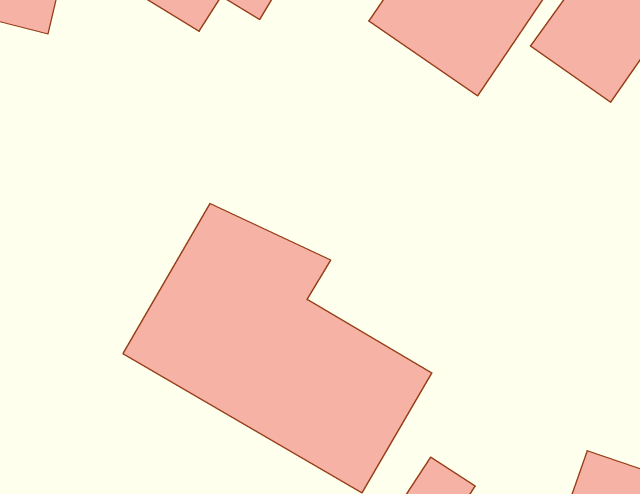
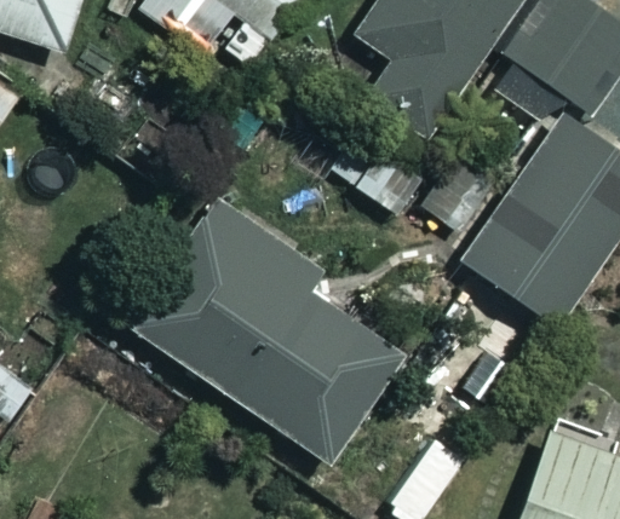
building: none -> [465,152,596,304]

